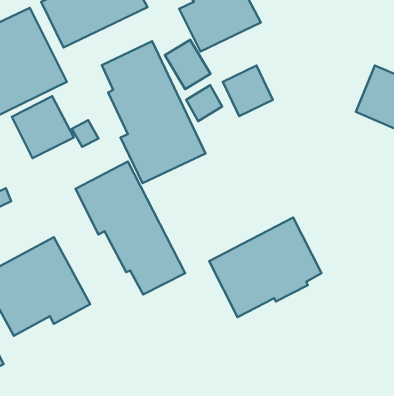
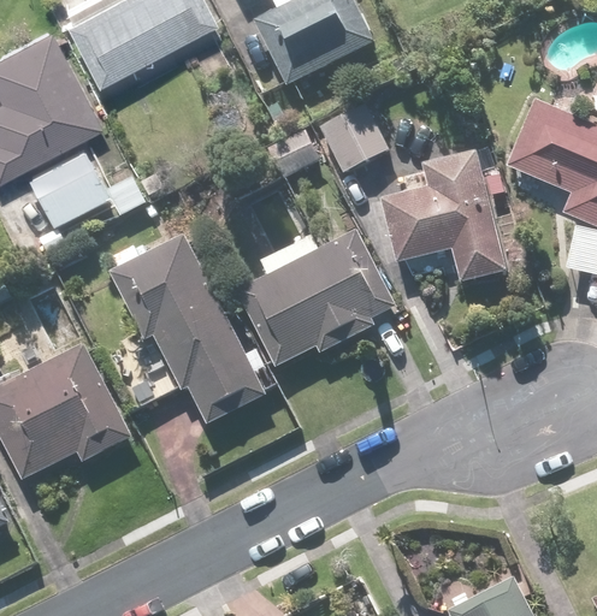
building: [165,40,210,89] -> none
building: [102,41,206,183] -> none
building: none -> [380,153,506,280]
building: [209,217,321,317] -> [236,229,394,368]

